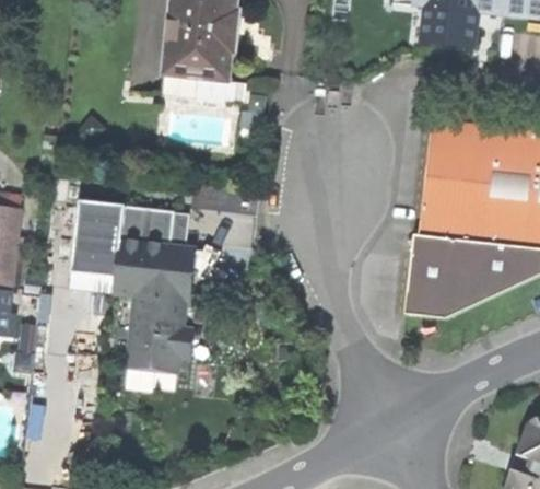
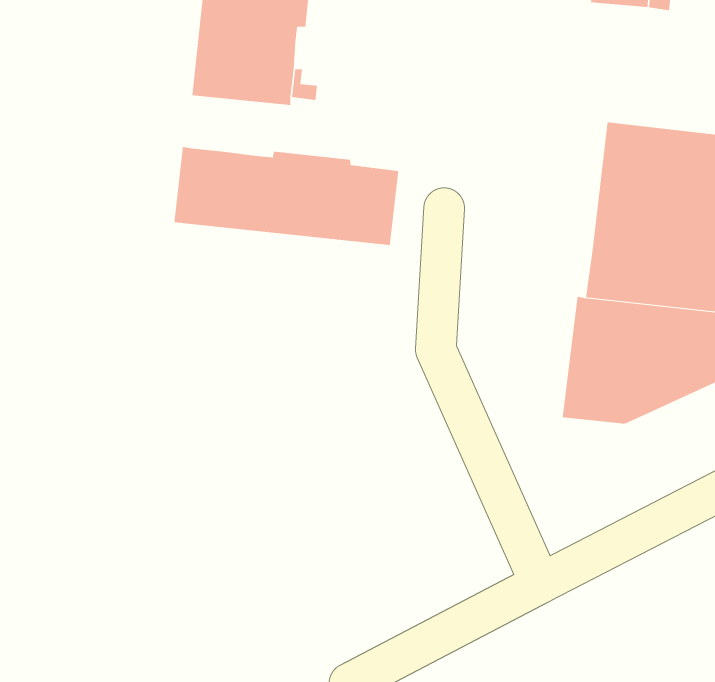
building: none -> [174,146,399,246]
building: [71,201,197,370] -> none

